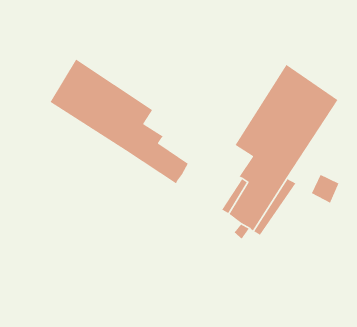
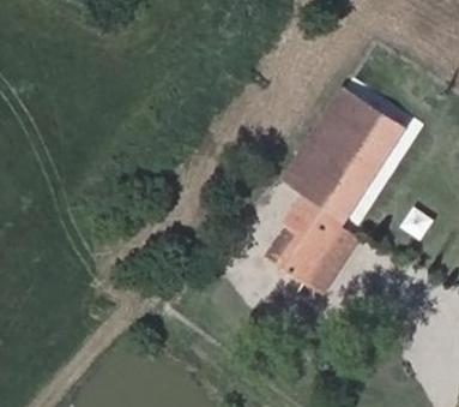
building: [50,59,189,184] -> none

